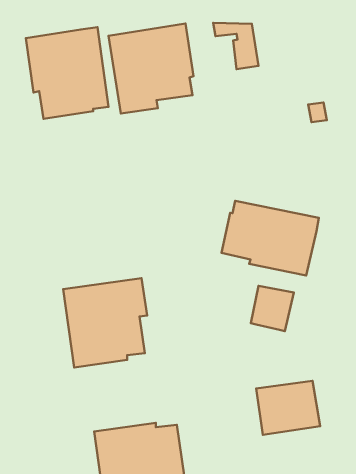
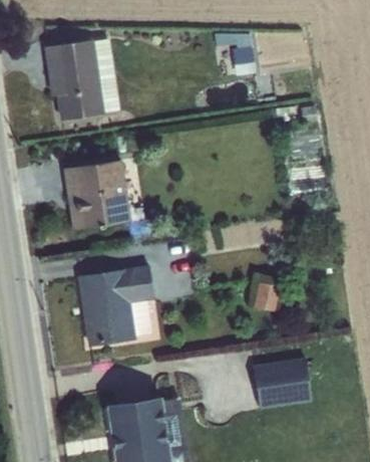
building: [108,24,194,114] -> none
building: none -> [63,160,131,230]
building: [221,201,319,276] -> none

